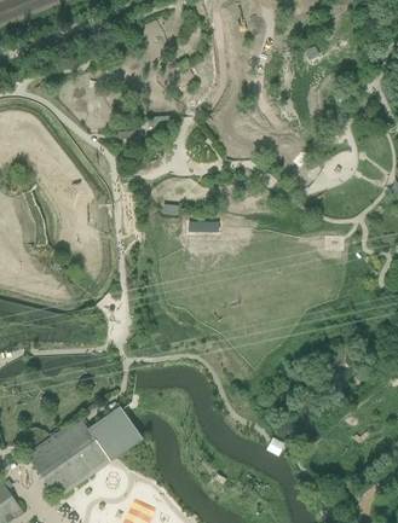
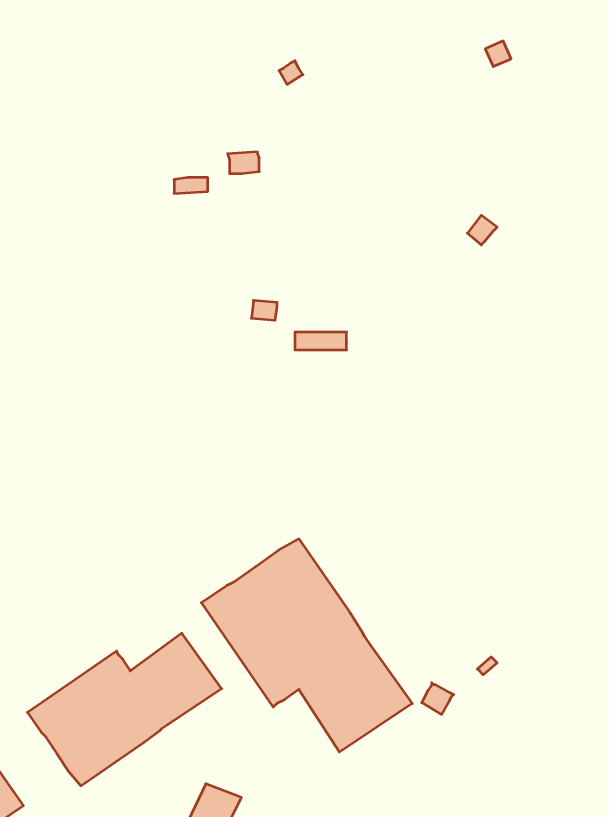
building: none -> [201,539,412,752]

